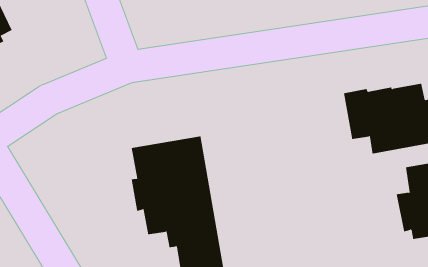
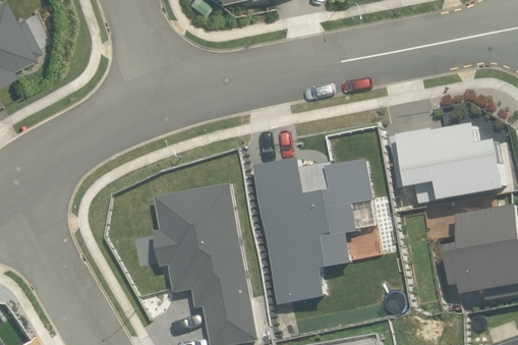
building: none -> [253,158,372,306]

